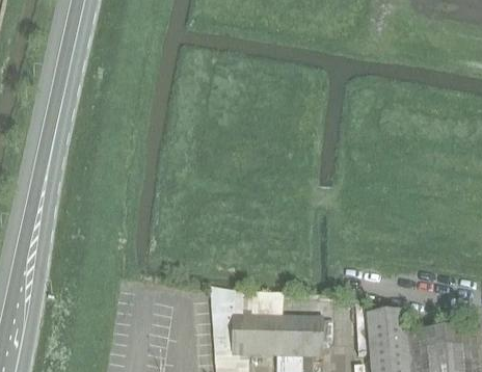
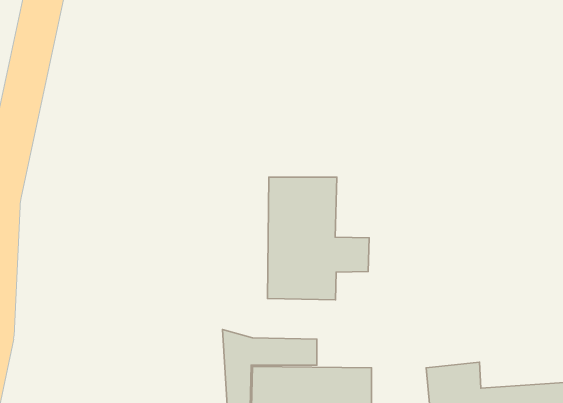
building: none -> [267,177,369,300]

